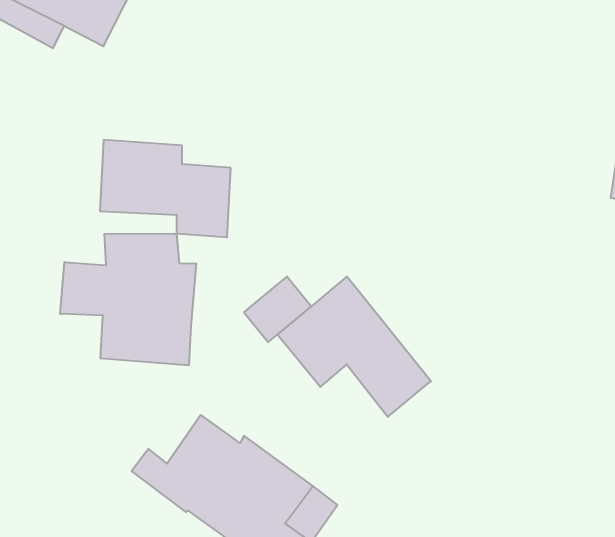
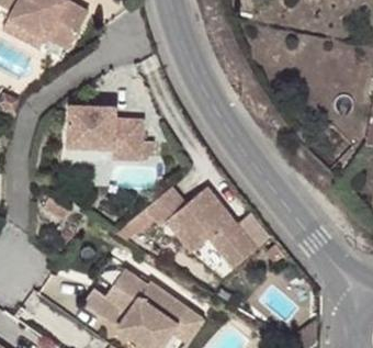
building: [60,233,196,365] -> none

